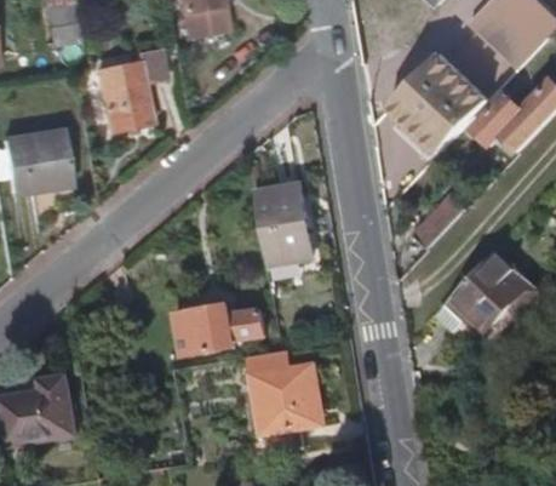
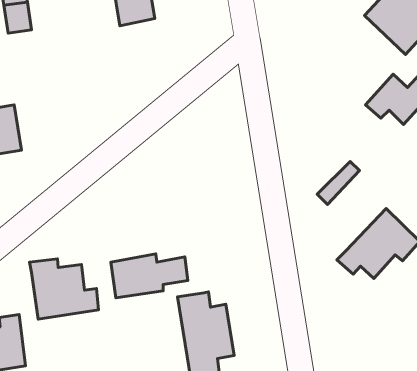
building: [99,45,165,126] -> none
building: [391,53,491,154] -> none
building: [256,184,315,264] -> none
building: none -> [30,259,99,319]

